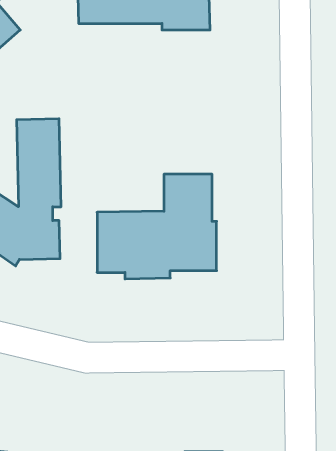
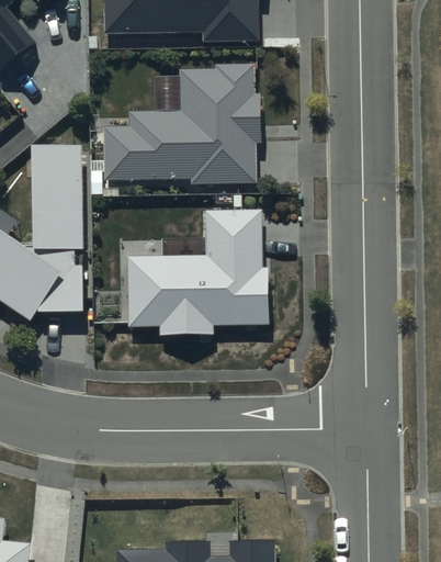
building: none -> [104,63,260,183]

